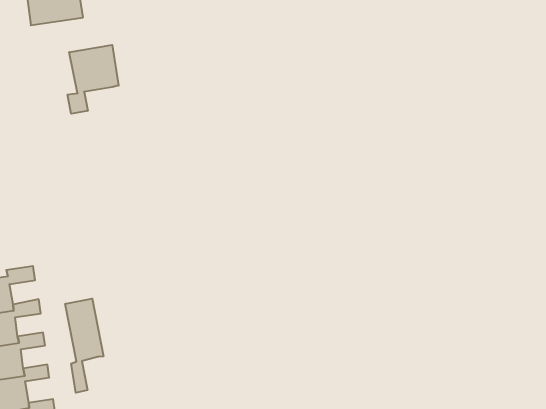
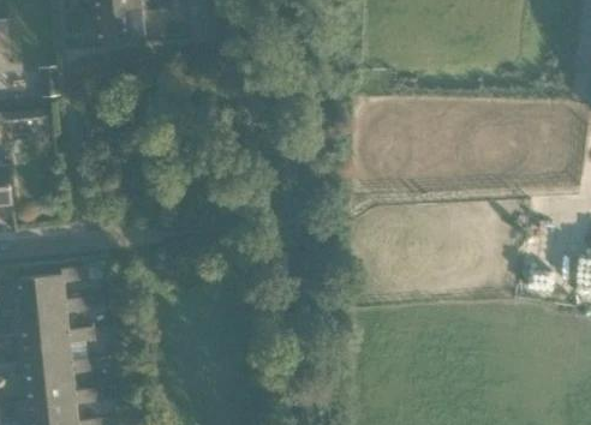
building: [68,45,119,114] -> none
building: [65,299,103,393] -> none

